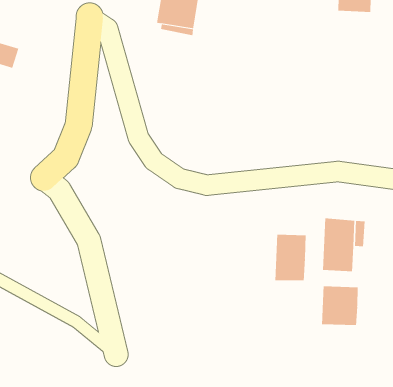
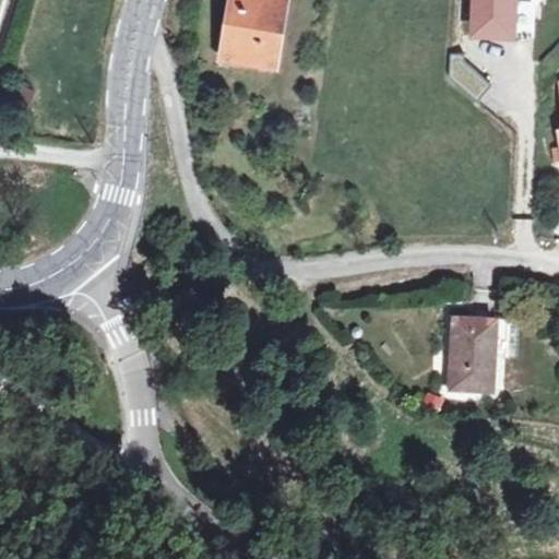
building: [275,234,306,281] -> none
building: [321,285,358,326] -> none

